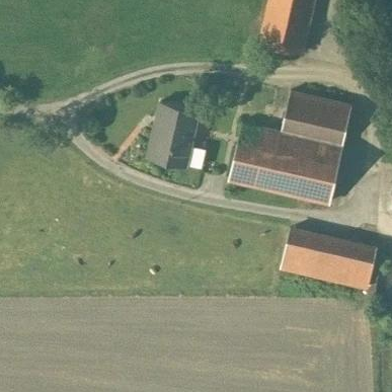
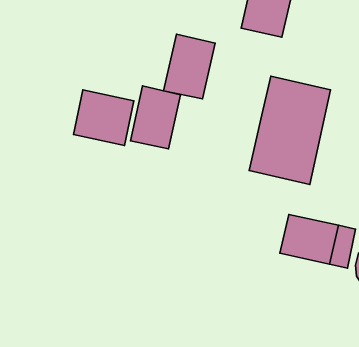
building: none -> [73,90,134,146]
building: [229,123,282,188] -> [164,34,215,99]
building: [282,228,309,272] -> none

